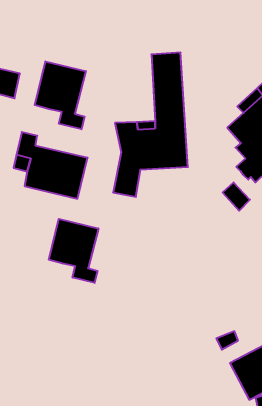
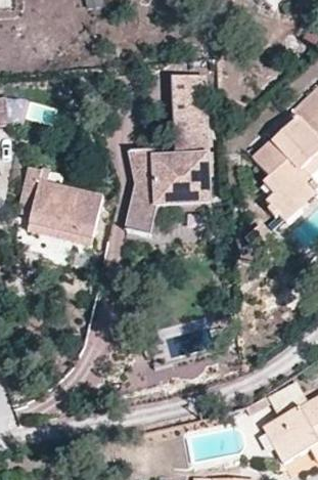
building: [35,61,86,129] -> none
building: [49,219,98,283] -> none

